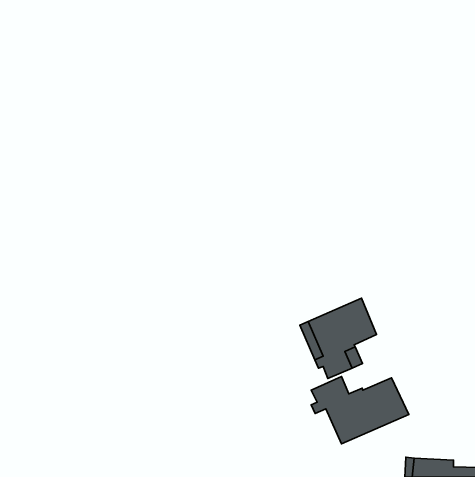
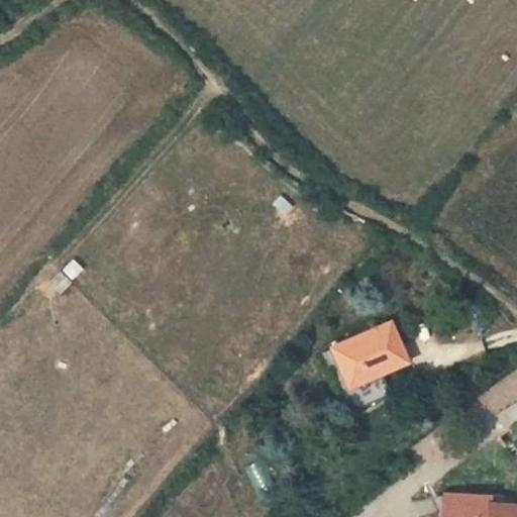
building: [311,376,409,444] -> none

